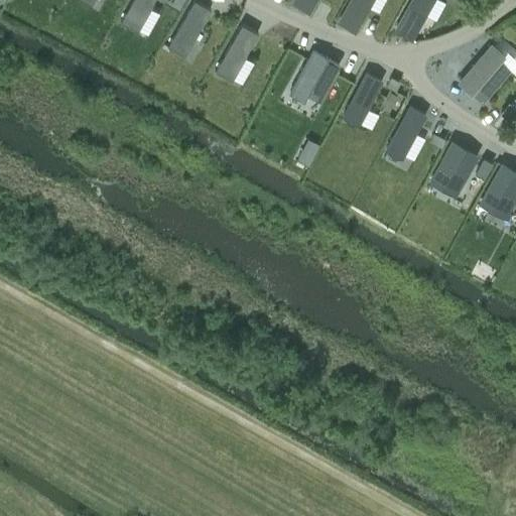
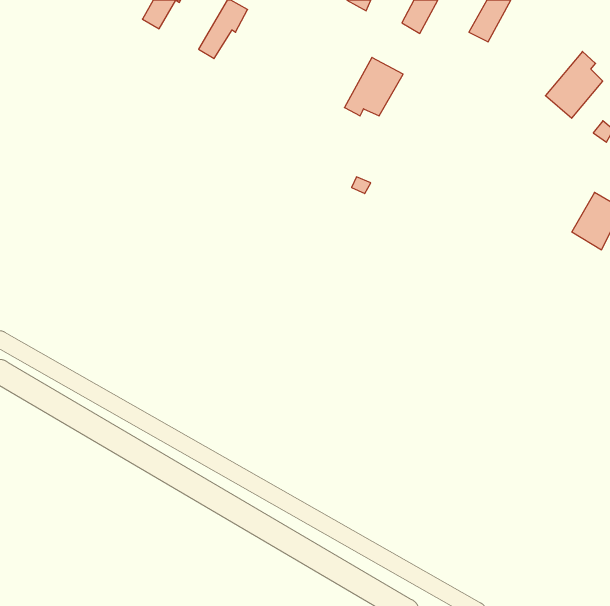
building: [216,26,258,78] -> none
building: [343,75,382,125] -> none
building: [387,108,426,159] -> none
building: [432,145,478,194] -> none

